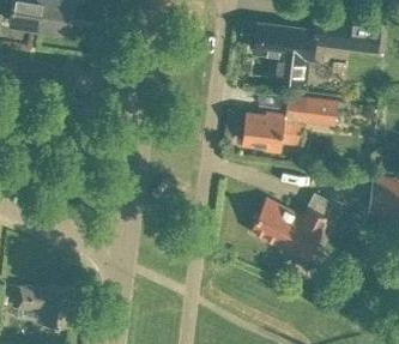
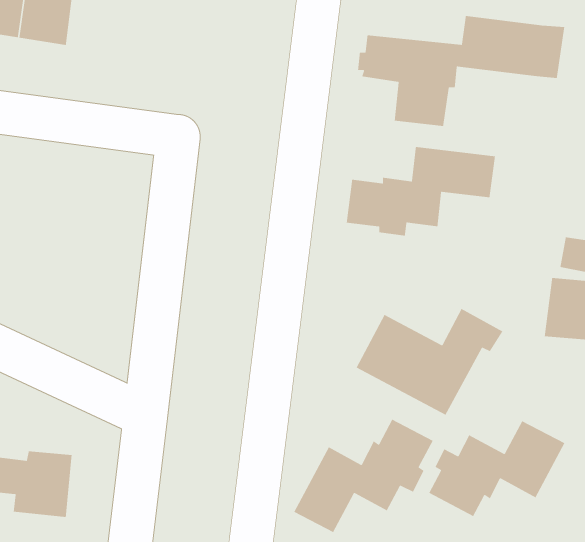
building: none -> [293,418,434,533]
building: none -> [428,420,565,517]

